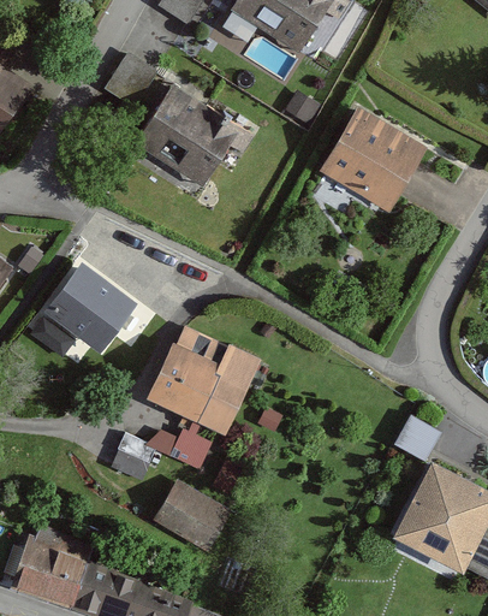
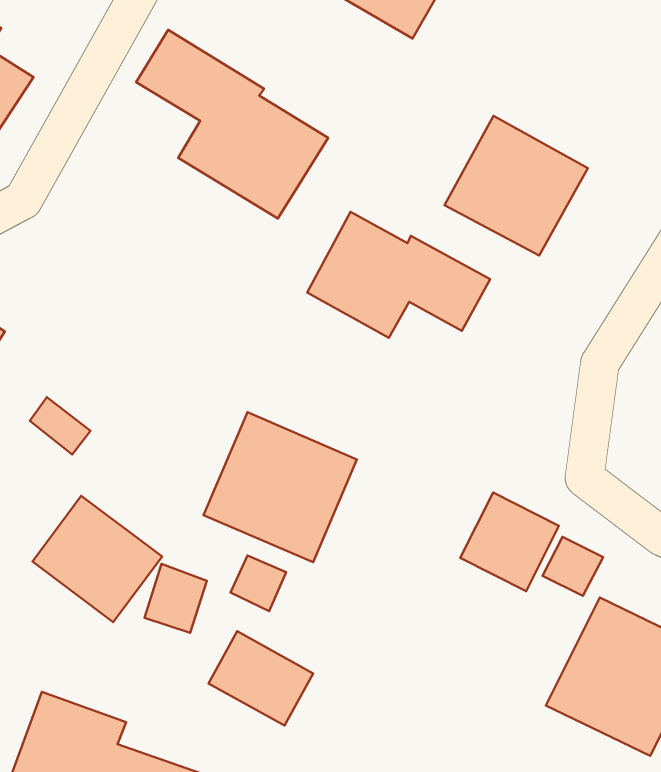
building: none -> [307,212,490,338]
building: [42,263,135,354] -> [32,496,162,622]
building: none -> [460,492,559,591]

